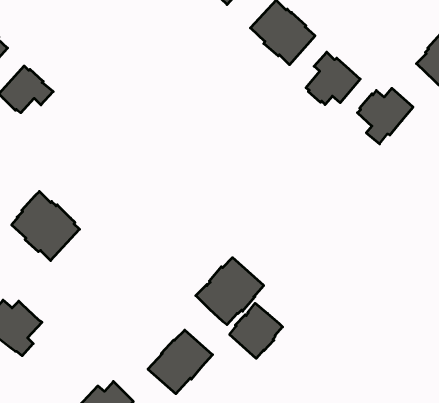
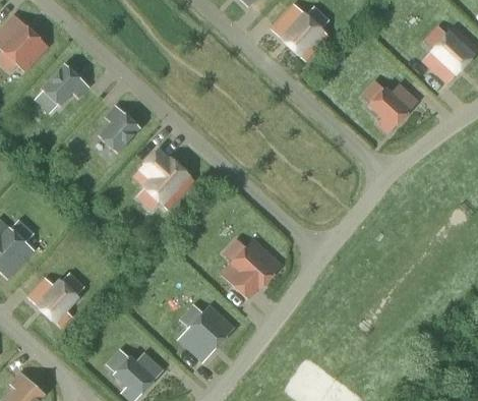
building: [306,52,360,105] -> none
building: none -> [98,104,140,153]
building: [12,191,80,261] -> [132,146,194,209]
building: [230,303,283,358] -> none

